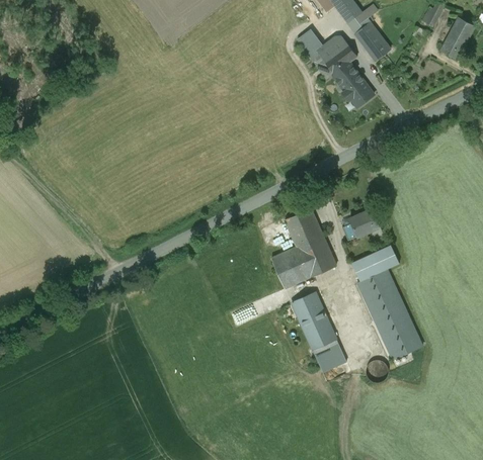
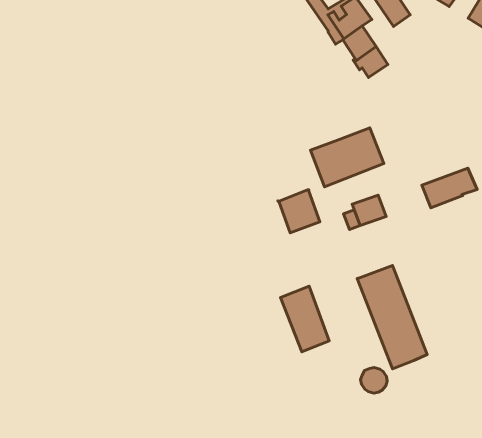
building: [270,235,335,288] -> [310,128,384,187]
building: [350,245,399,281] -> [422,168,477,208]
building: [312,338,343,367] -> none

